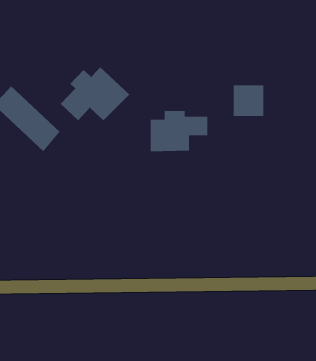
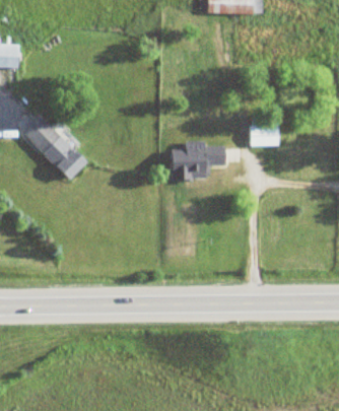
building: [60,67,130,121] -> none

